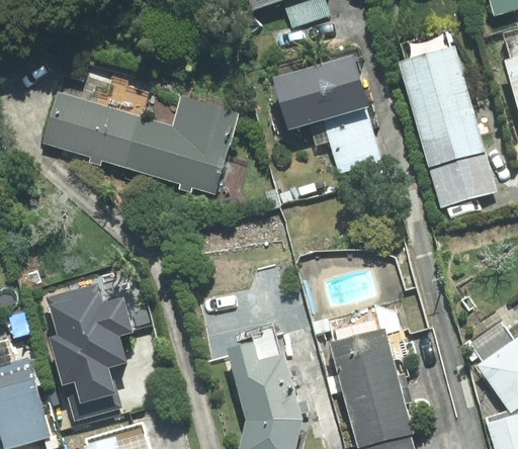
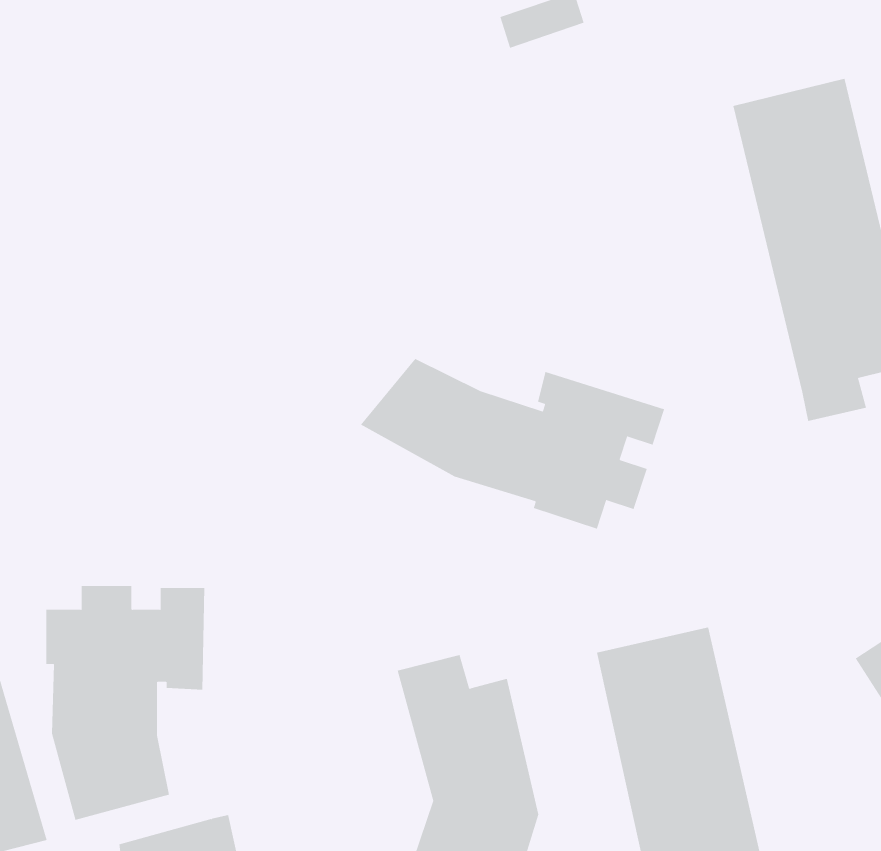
building: [276,56,377,171] -> none
building: [38,86,241,196] -> none
building: none -> [360,358,665,529]

